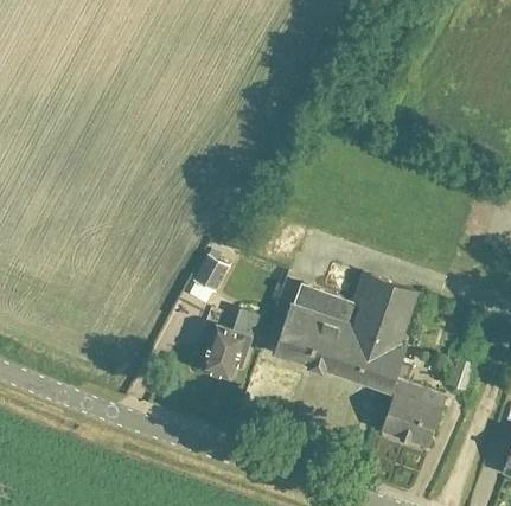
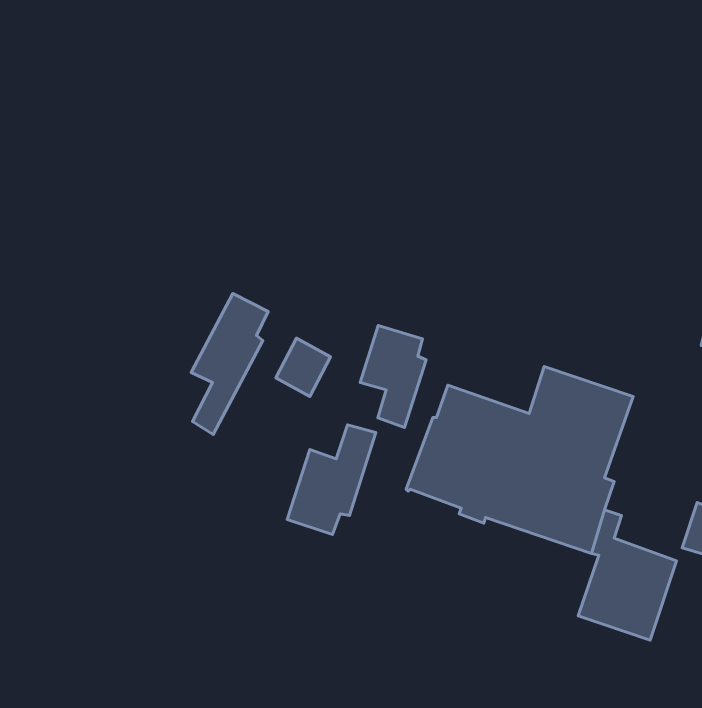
building: none -> [191,293,268,434]
building: none -> [360,325,426,427]

